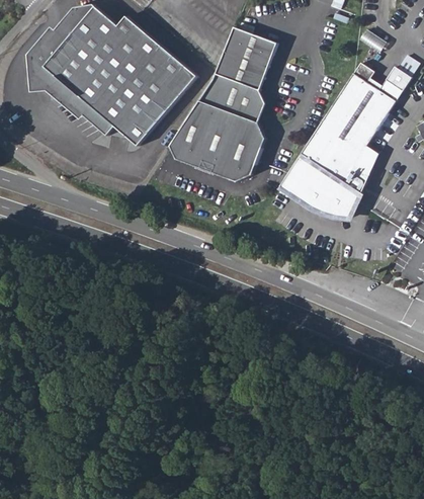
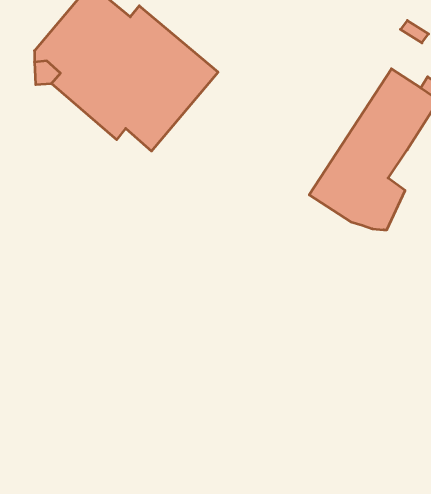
building: [169,26,276,181] -> none
building: [350,145,378,181] -> none

